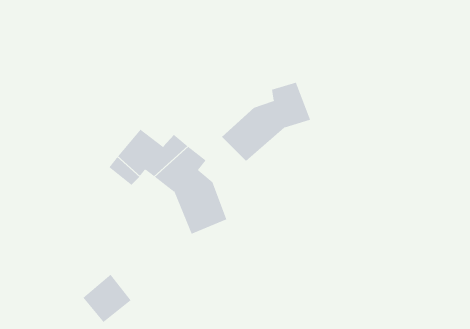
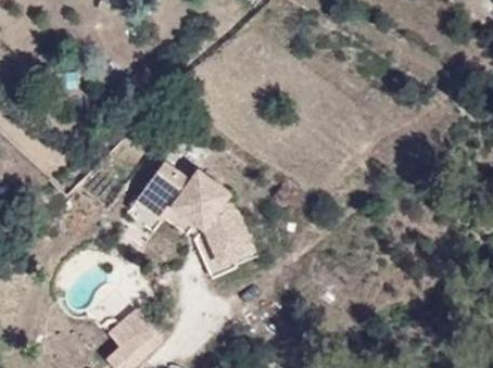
building: [221,82,311,162] -> none

